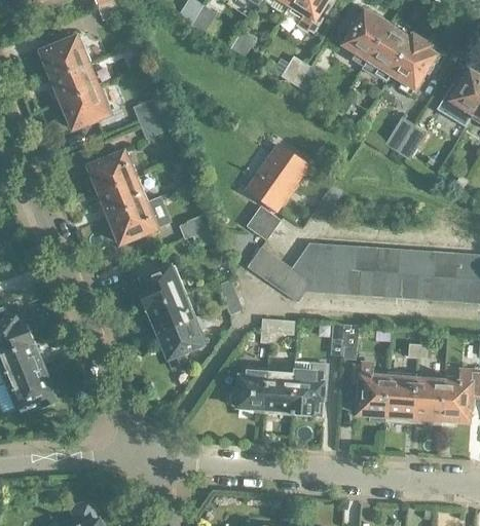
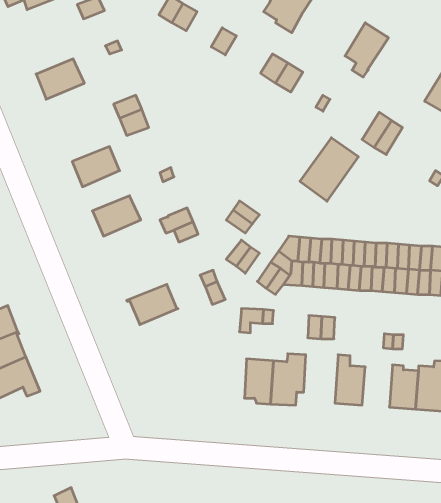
building: [342,10,387,66] -> none
building: [41,34,89,77] -> none
building: [390,35,435,95] -> none
building: [62,86,111,128] -> none
building: [248,145,307,210] -> [300,138,358,201]
building: [99,176,147,217] -> none
building: [134,265,185,308] -> none
building: [157,311,215,367] -> none
building: [228,366,266,408] -> none
building: [384,373,415,417] -> none

